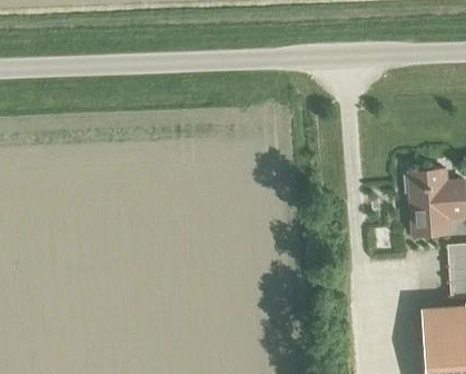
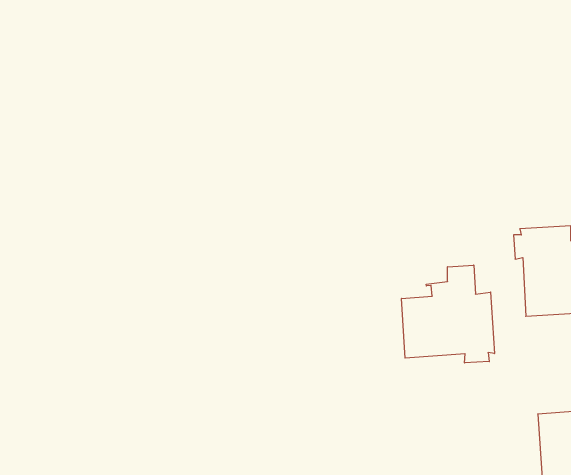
building: none -> [402,265,494,363]

